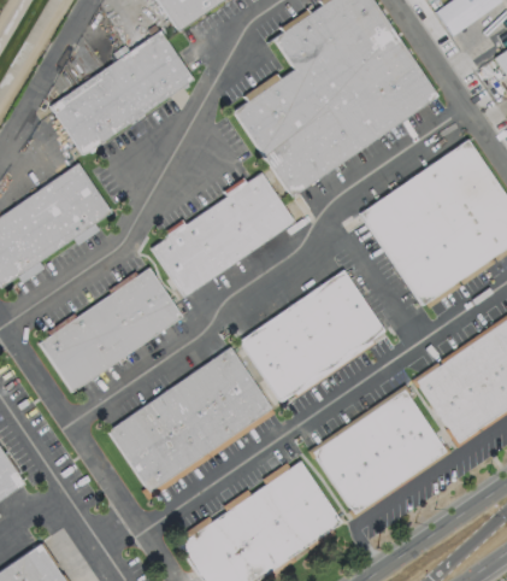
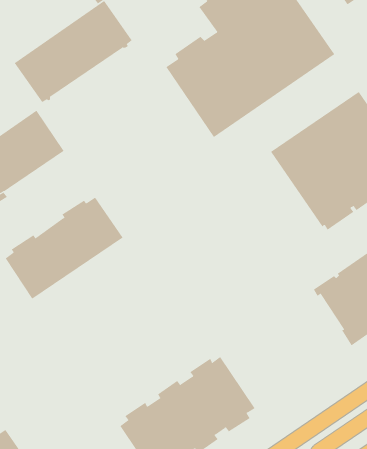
building: [152,172,294,297] -> none
building: [240,269,385,403] -> none
building: [108,347,276,500] -> none
building: [307,385,452,520] -> none

